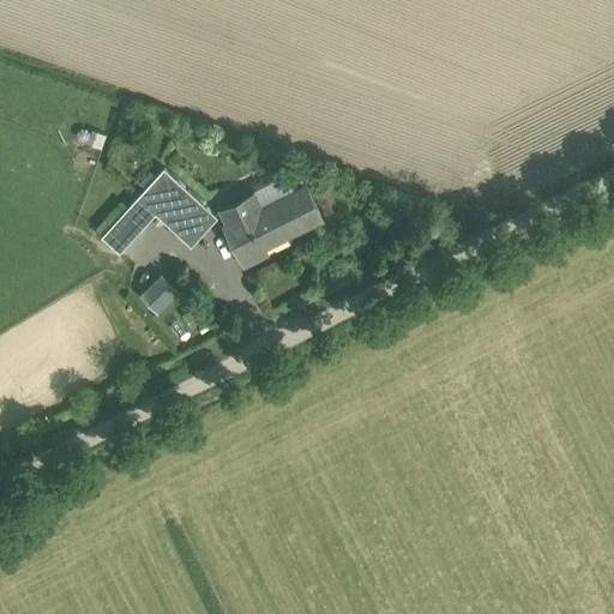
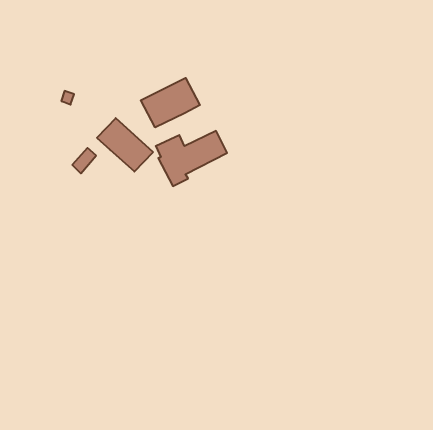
building: none -> [141,78,200,127]
building: [140,273,181,314] -> none

